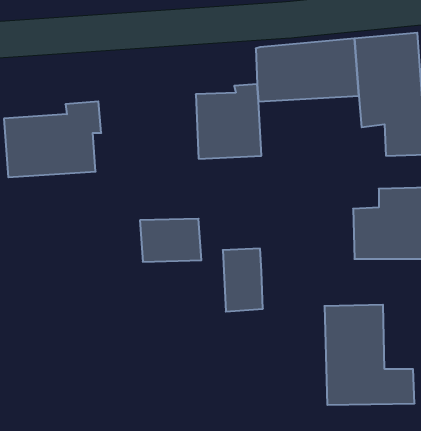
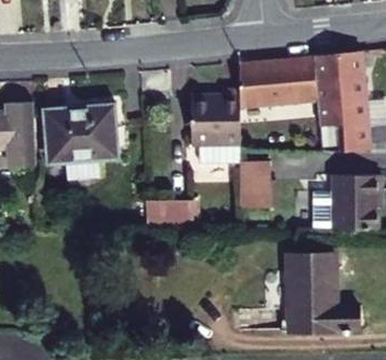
building: [223,249,263,312] -> [239,154,270,202]

